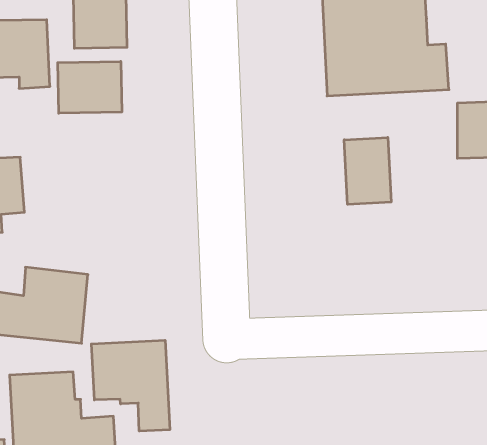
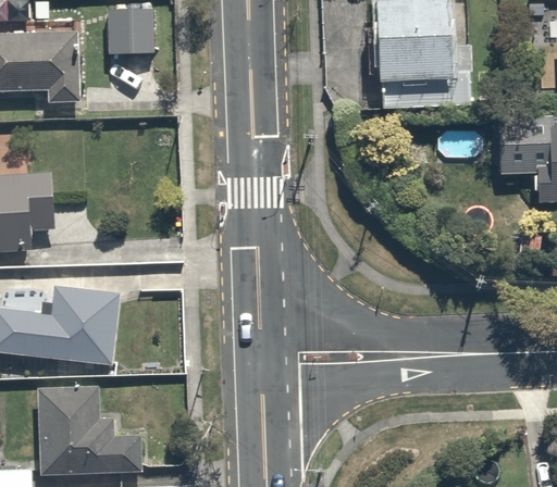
building: [58,61,122,113] -> none
building: [344,137,391,204] -> none
building: [91,340,170,431] -> none

